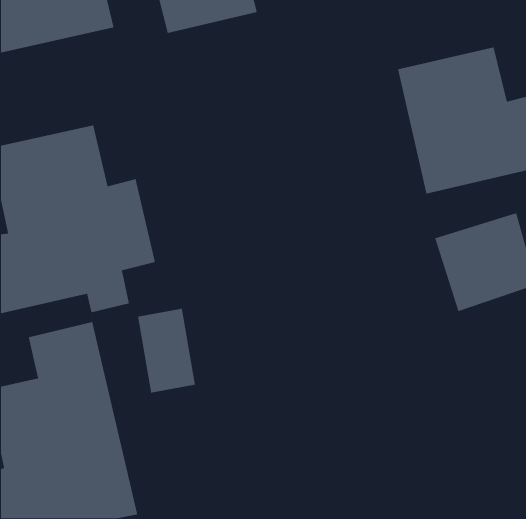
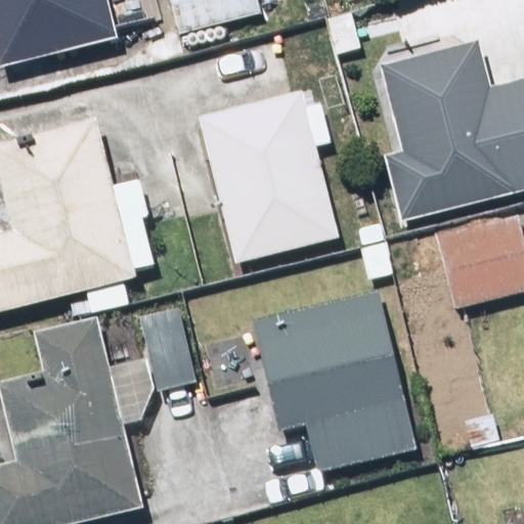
building: none -> [189,91,341,264]
building: none -> [249,310,414,470]

